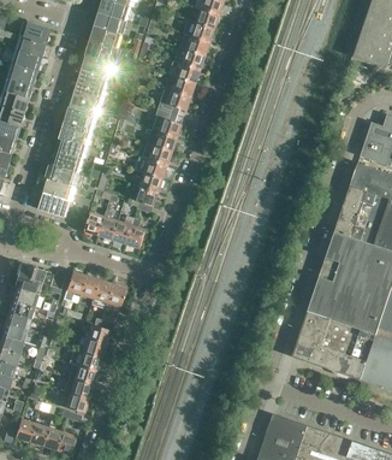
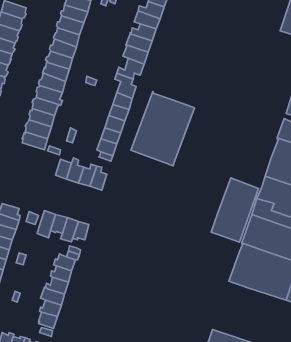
building: none -> [131,91,194,166]
building: [38,191,71,217] -> none
building: none -> [211,178,259,242]

